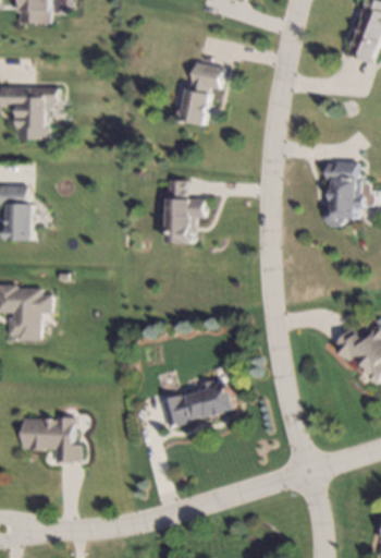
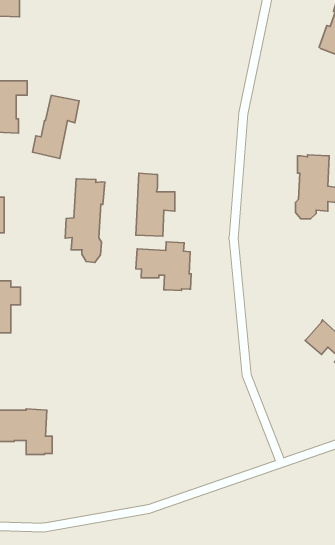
building: [177,62,224,125] -> [33,96,79,159]
building: none -> [65,179,105,263]
building: none -> [136,242,191,291]
building: [160,380,235,427] -> none

